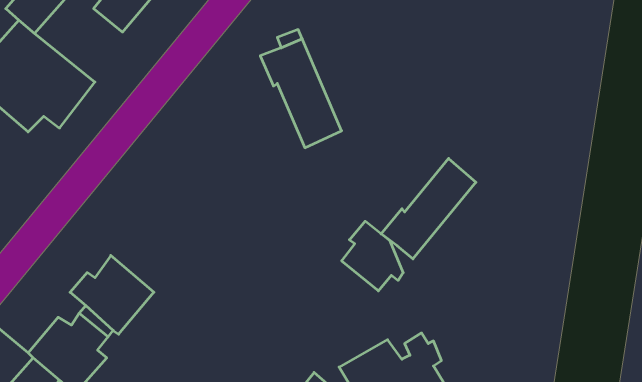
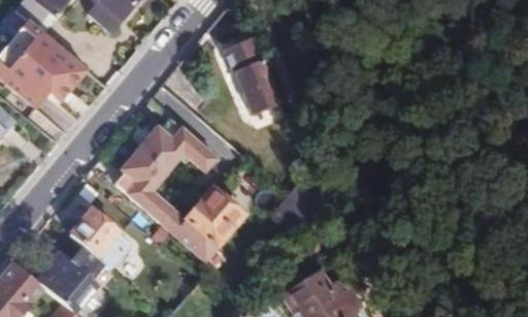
building: none -> [117,118,246,260]
building: [381,158,476,259] -> none

